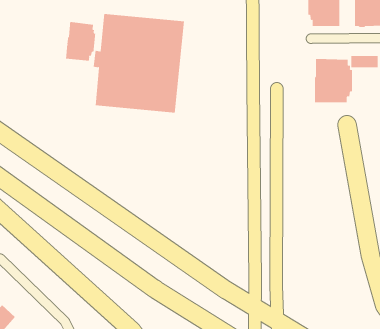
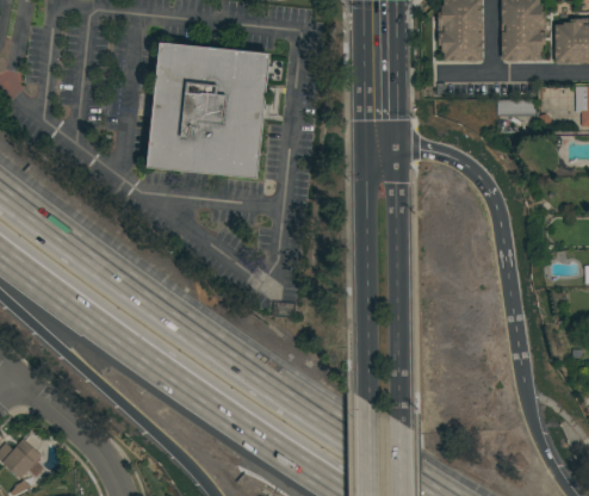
building: [66,21,96,61] -> none
building: [314,58,352,103] -> none

